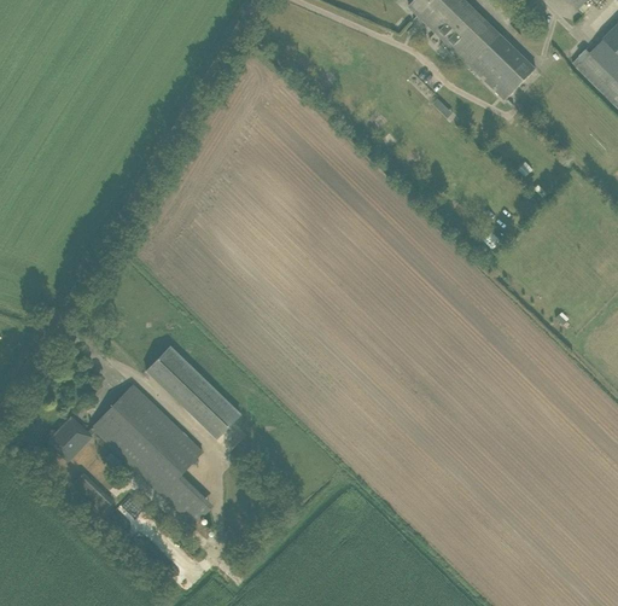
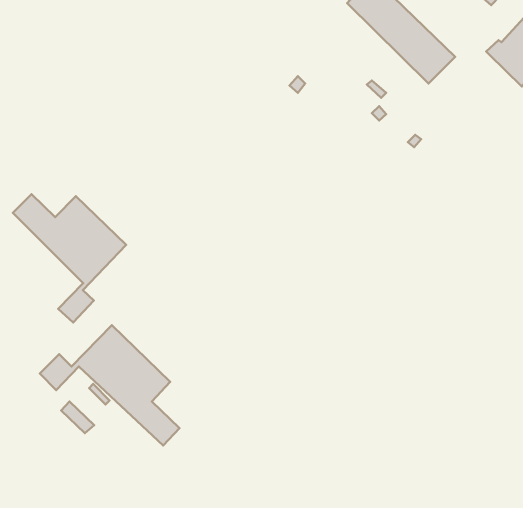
building: none -> [13,194,126,322]
building: [145,344,240,438] -> none

